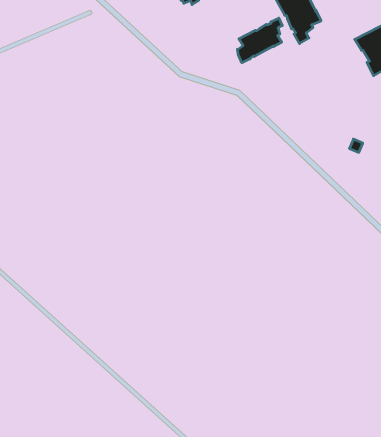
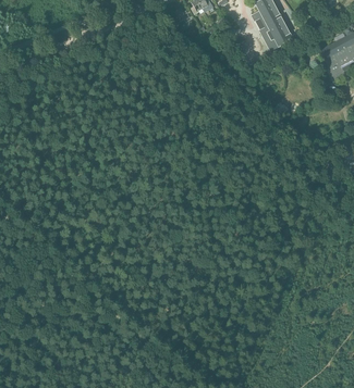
building: [237,18,282,63] -> none

